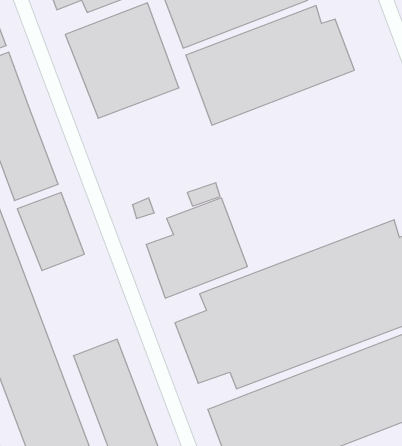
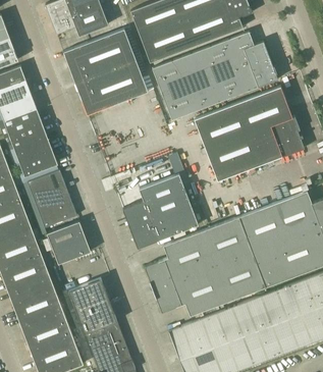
building: none -> [194,87,304,180]
building: none -> [47,222,91,265]

